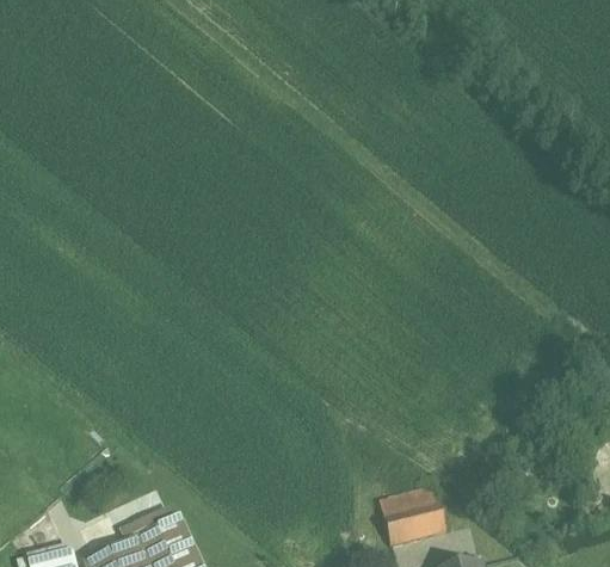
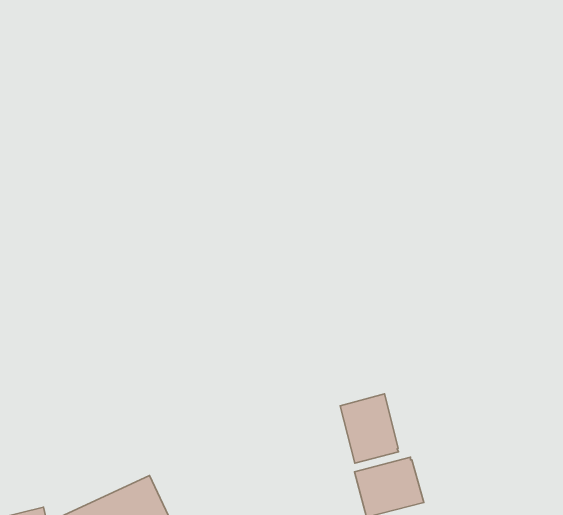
building: none -> [340,394,398,463]

